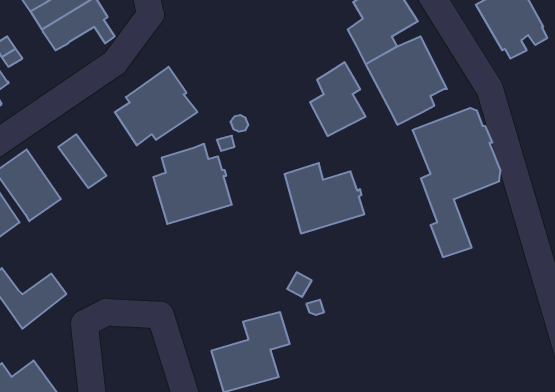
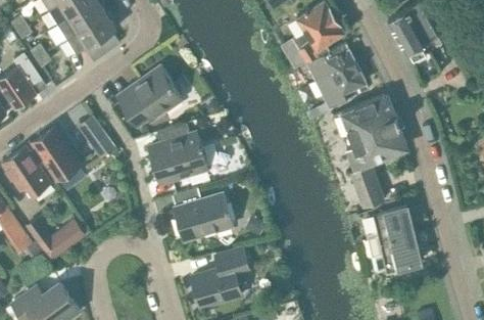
building: [310,62,365,136] -> none
building: [284,163,364,233] -> [172,188,231,240]
building: none -> [371,209,420,272]

